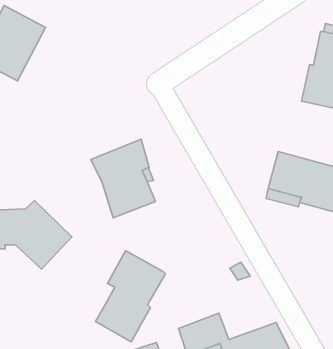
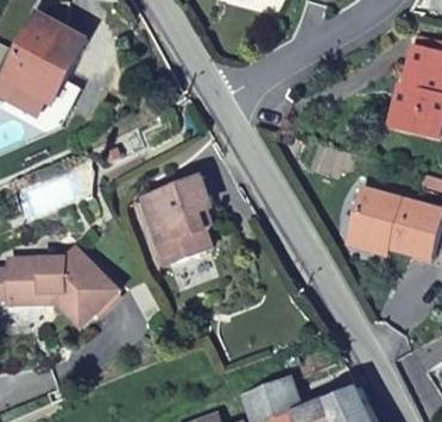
building: [95,251,166,342] -> none

